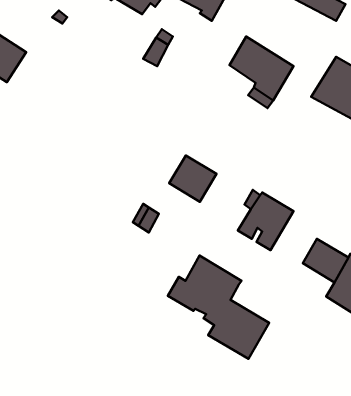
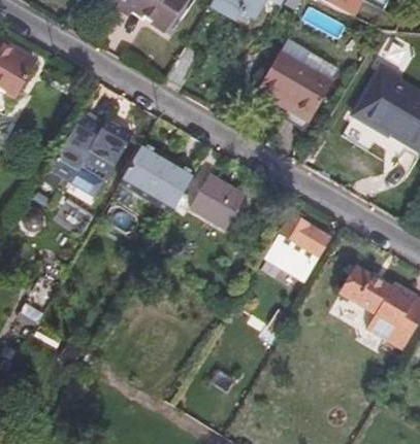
building: none -> [51,113,132,182]
building: none -> [123,142,198,212]
building: [168,256,269,359] -> none

